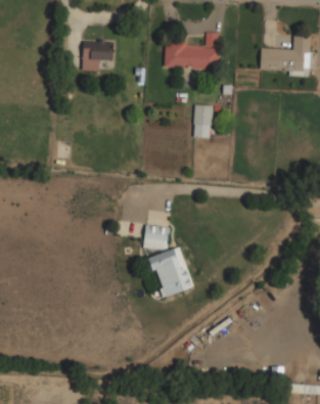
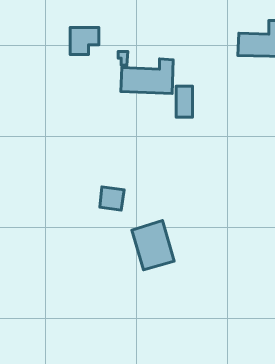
building: [164,33,219,70] -> [121,59,173,93]
building: [142,225,168,250] -> [100,187,124,210]

